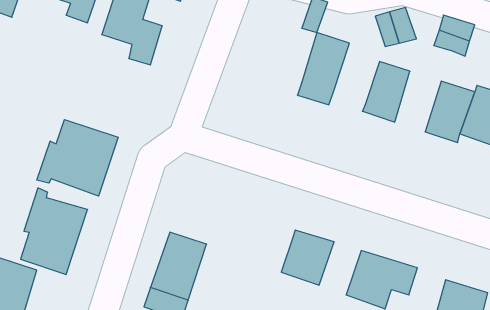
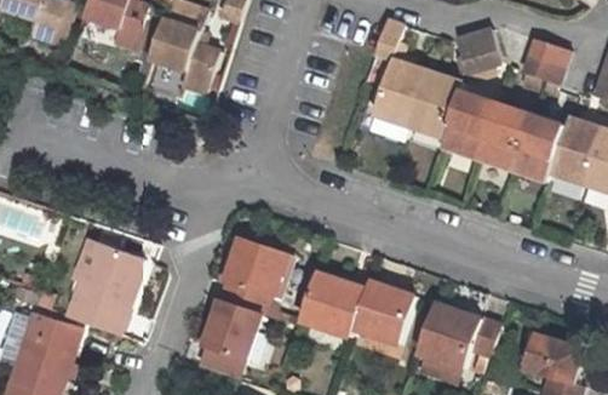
building: none -> [409,70,464,138]
building: none -> [478,102,530,170]
building: [37,120,118,196] -> none
building: none -> [226,236,287,297]
building: none -> [296,270,365,334]

